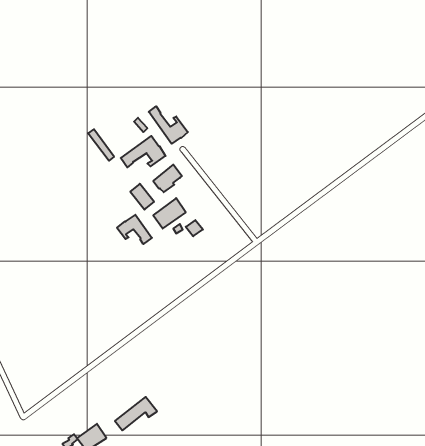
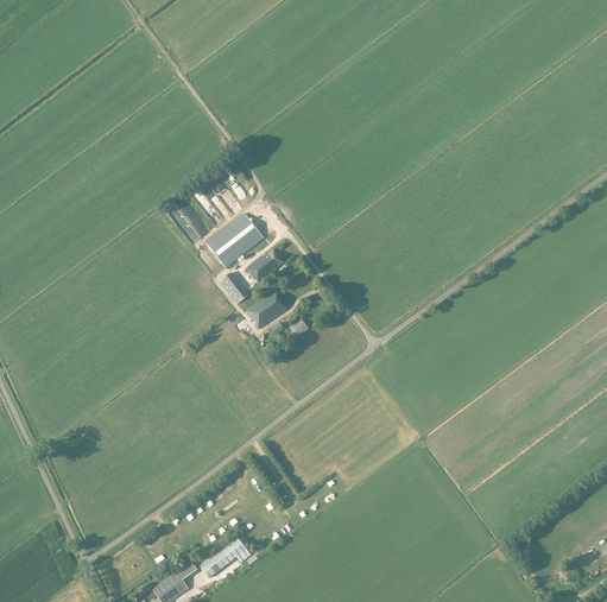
building: [149,106,188,144] -> none
building: [117,215,152,244] -> none

